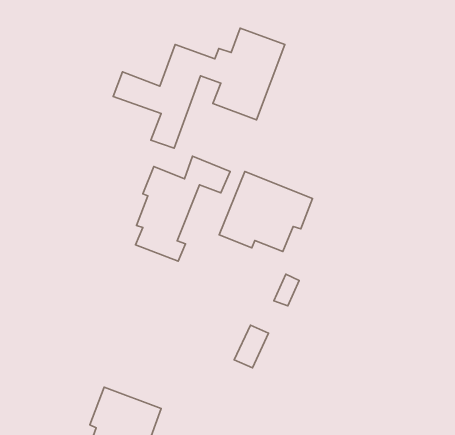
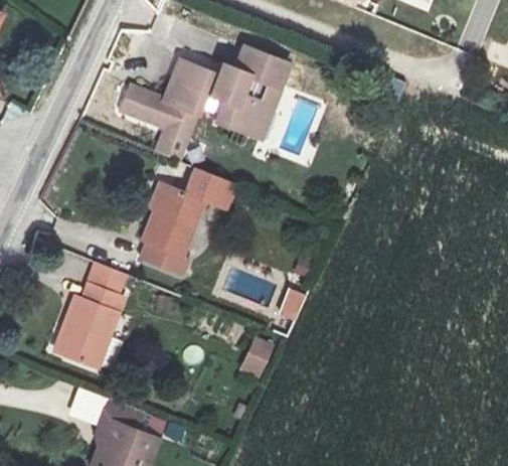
building: [219,172,312,251] -> none
building: none -> [54,262,124,364]

